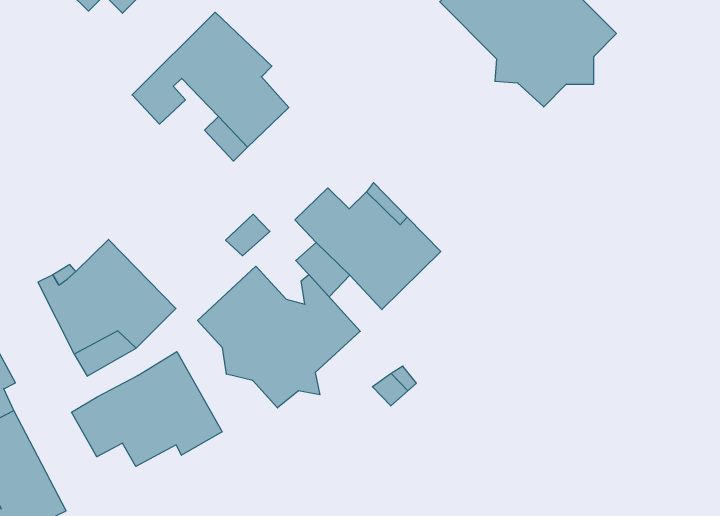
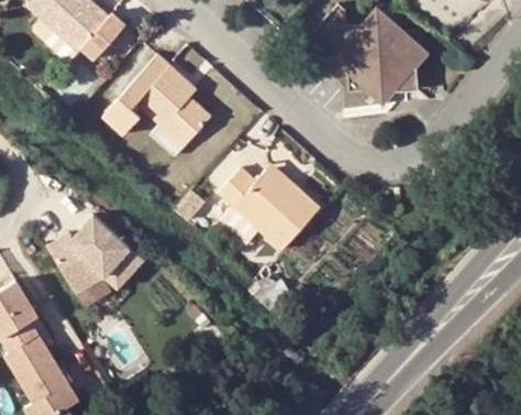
building: [198,266,360,408] -> none
building: [71,352,222,466] -> none

